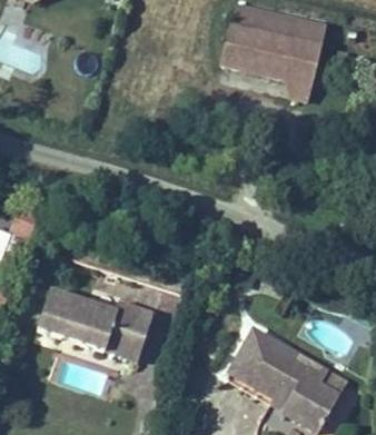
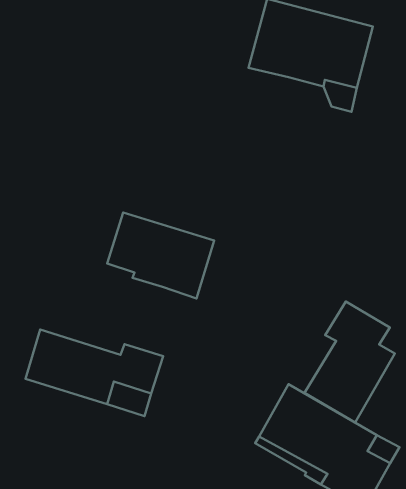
building: none -> [107,212,214,299]
building: none -> [304,302,395,423]

